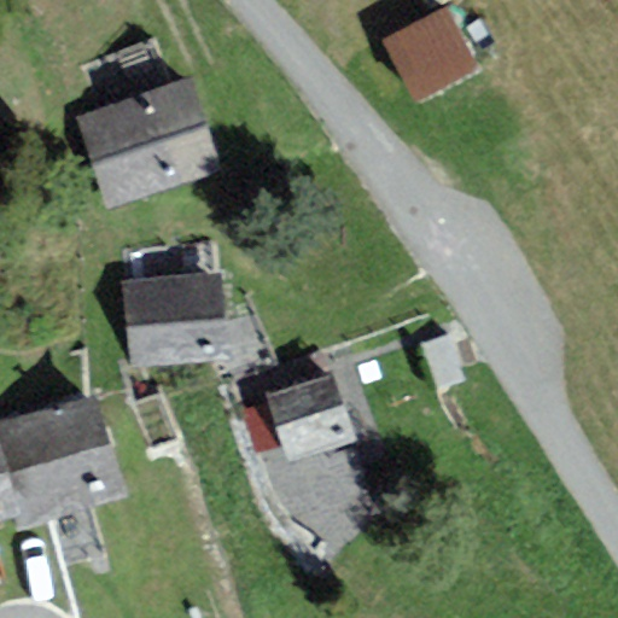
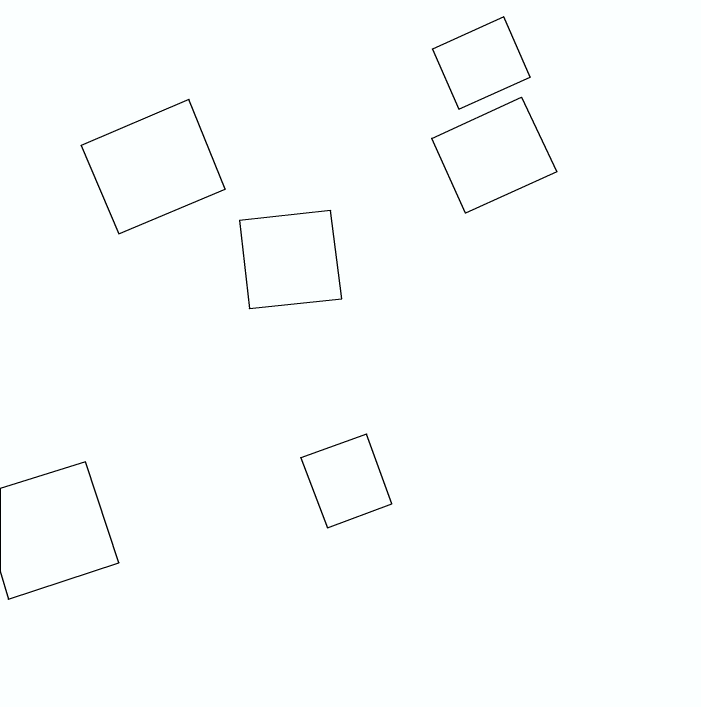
building: none -> [432,97,557,213]
building: [132,280,220,365] -> [240,211,342,309]

